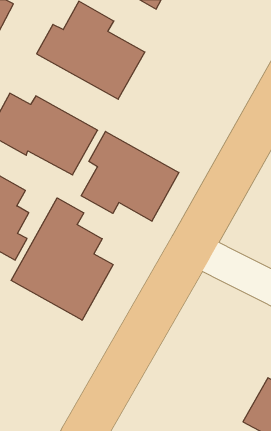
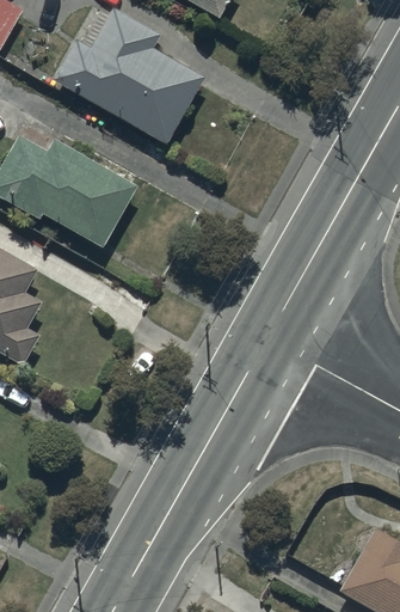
building: [81,131,179,221] -> none
building: [11,198,113,320] -> none

